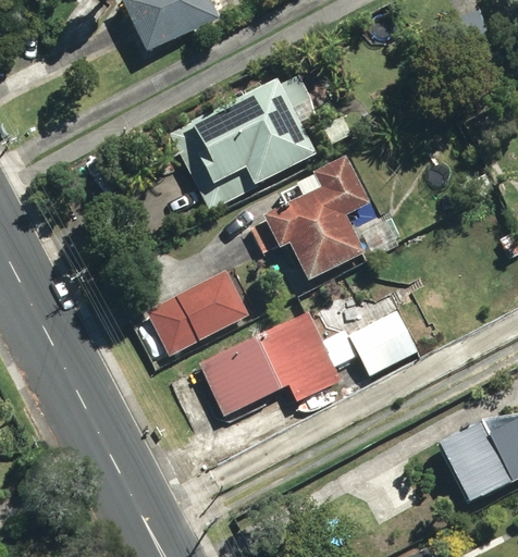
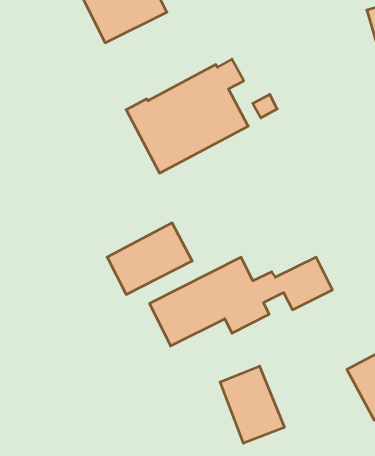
building: [262,154,370,282] -> none
building: none -> [220,366,284,443]

